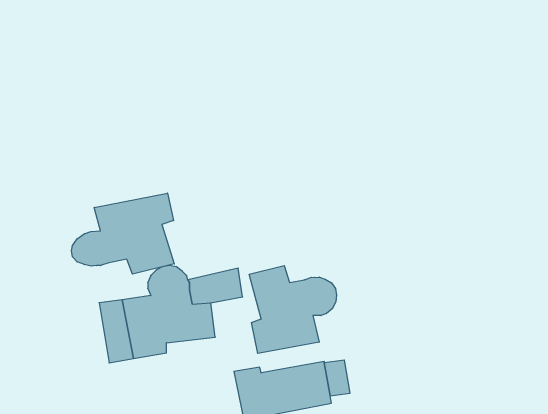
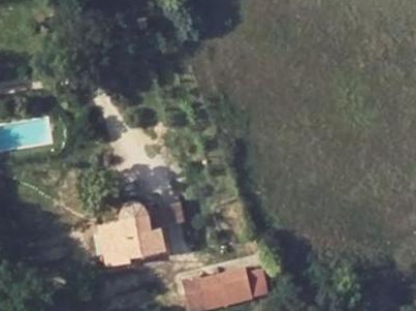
building: [71,193,174,274] -> none
building: [249,266,337,353] -> none

